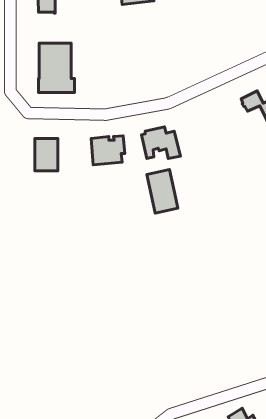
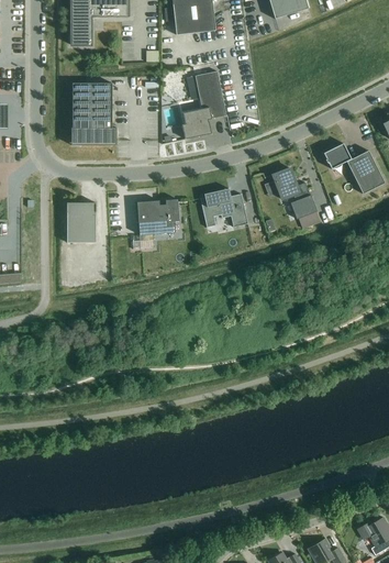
building: none -> [180,71,225,140]
building: none -> [271,168,316,219]
building: [147,169,178,213] -> none

